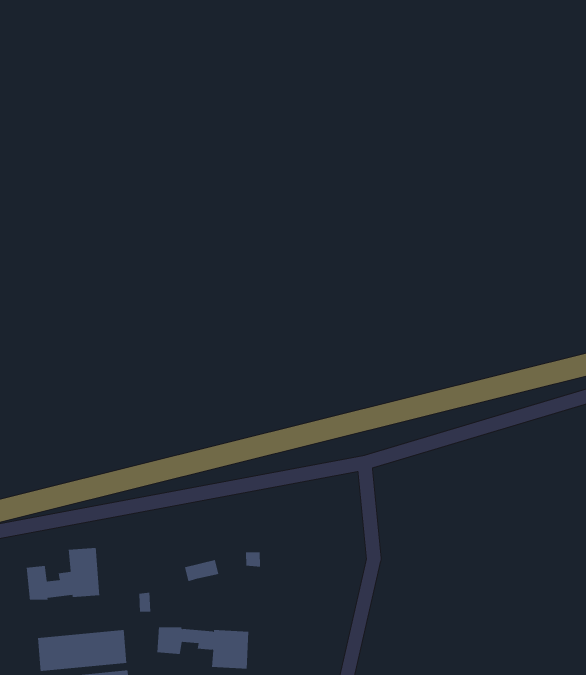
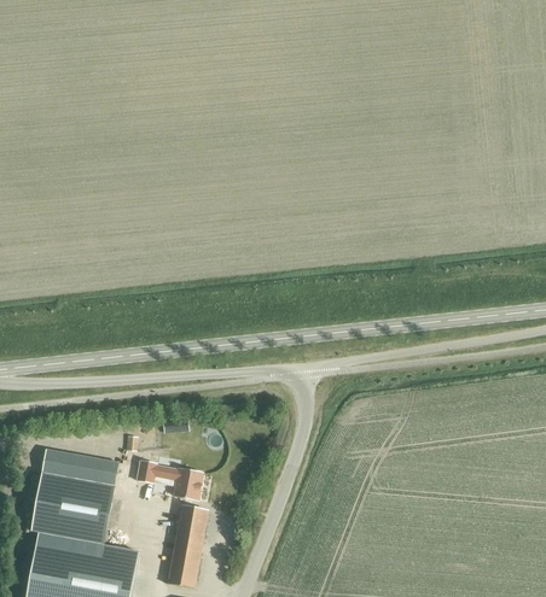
building: [26,547,100,601] -> none

